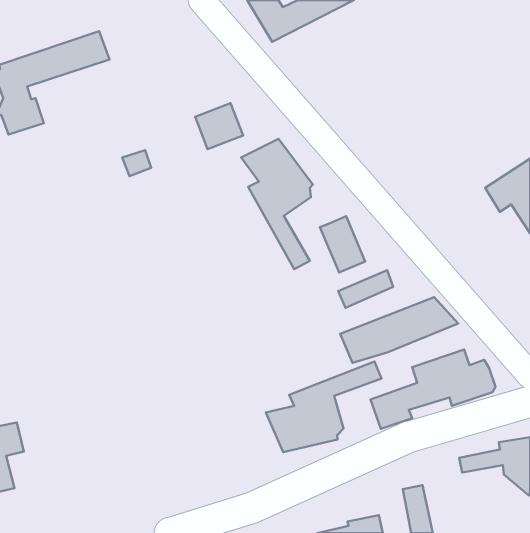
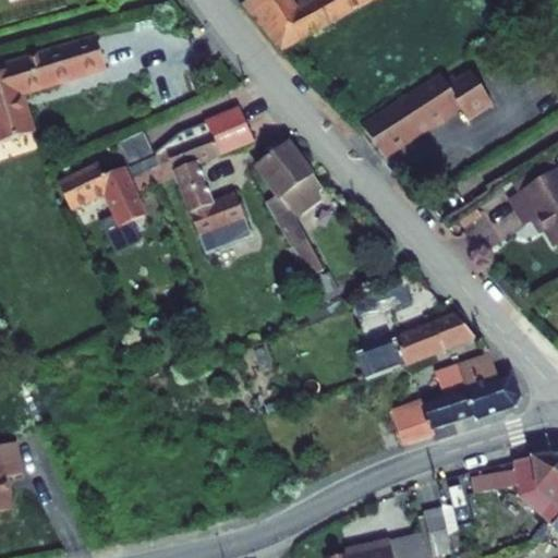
building: none -> [374,70,504,148]
building: none -> [167,128,245,241]
building: none -> [56,165,143,227]
building: [320,216,365,272] -> none
building: [266,362,382,452] -> none

